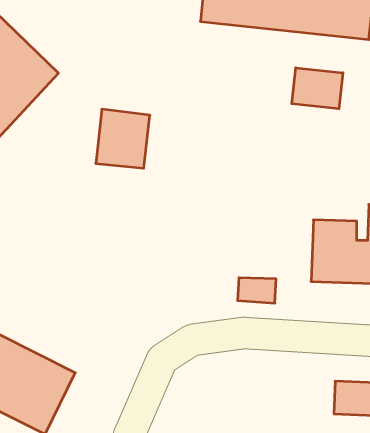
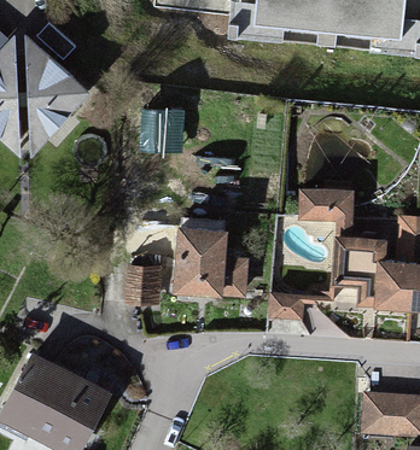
building: [292,68,343,109] -> none
building: none -> [302,182,350,227]
building: none -> [174,226,250,298]
building: none -> [127,262,159,299]

